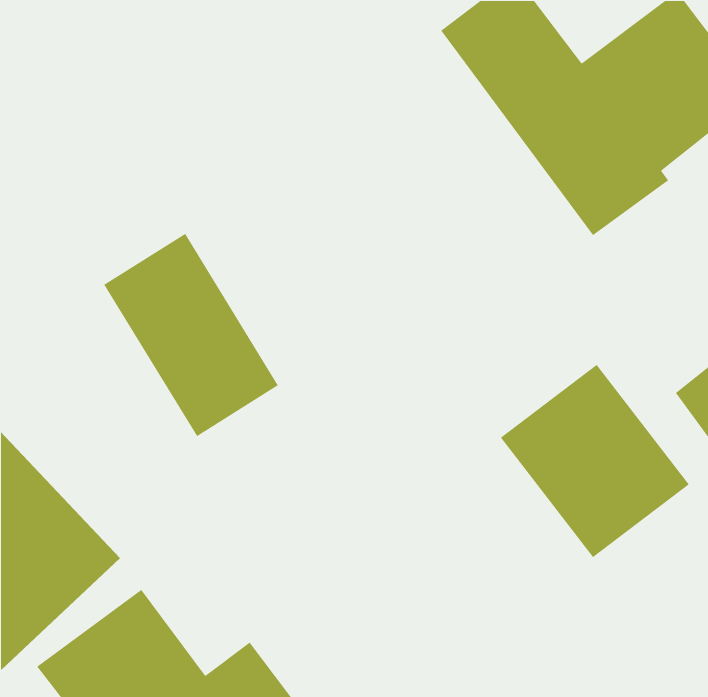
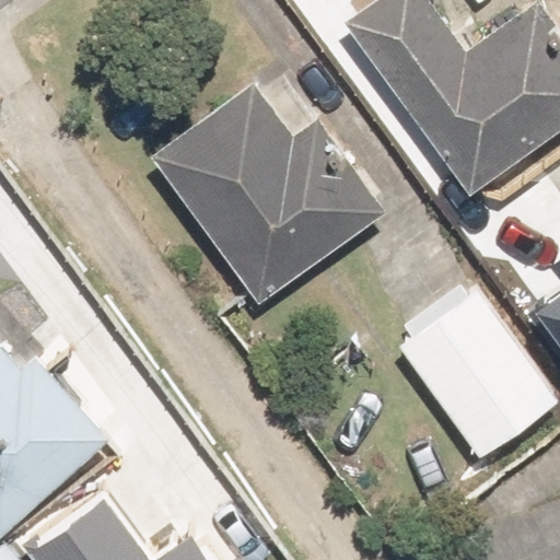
building: none -> [170,75,381,292]
building: [103,233,279,437] -> none

